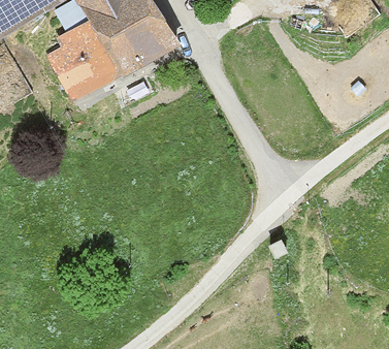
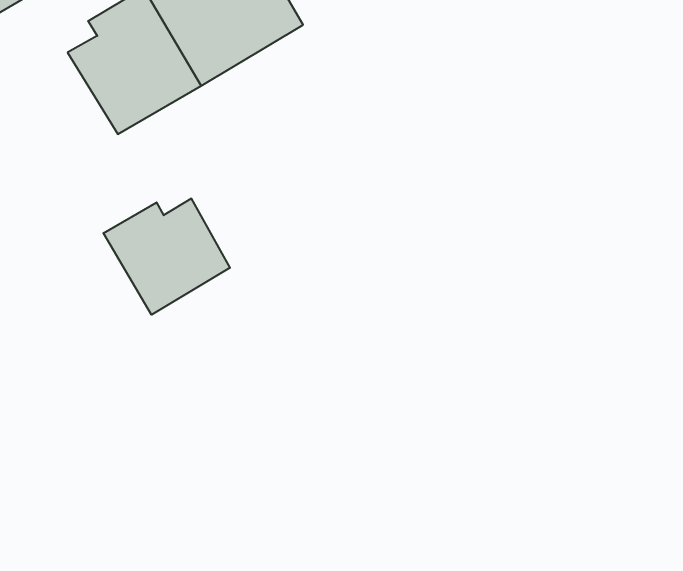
building: none -> [103,198,230,315]

